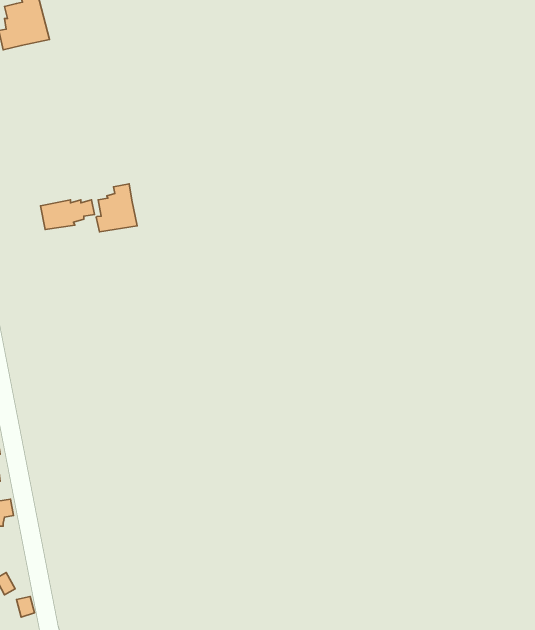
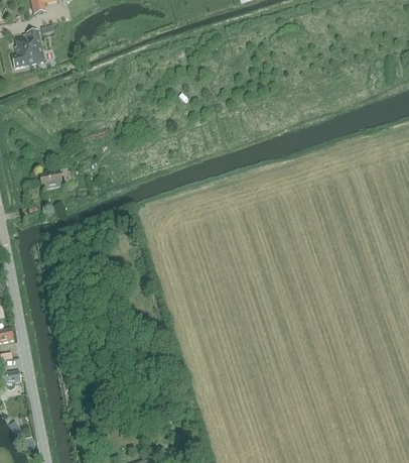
building: [96,184,137,232] -> none

